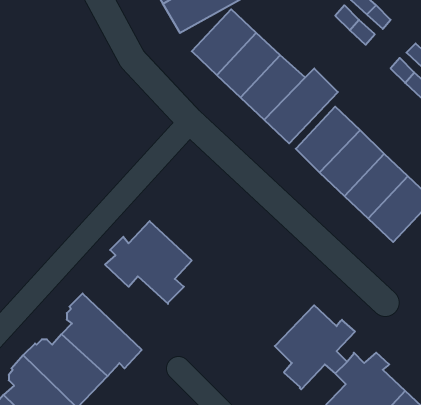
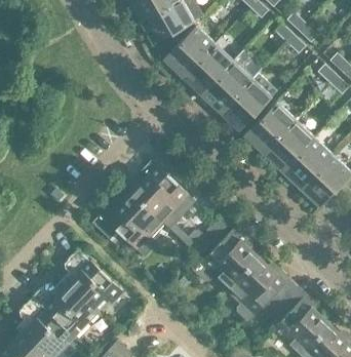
building: none -> [131,160,213,257]
building: none -> [194,227,260,289]

